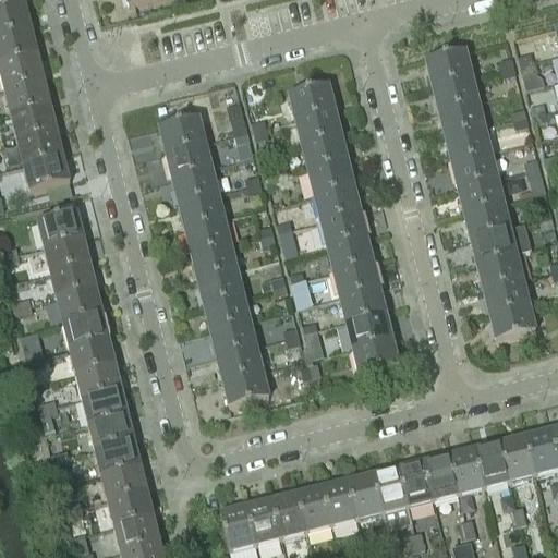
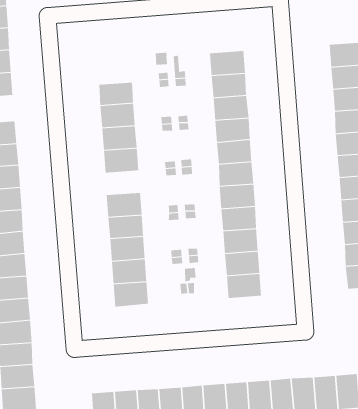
building: [160,114,206,150] -> none
building: [192,242,238,277] -> none

